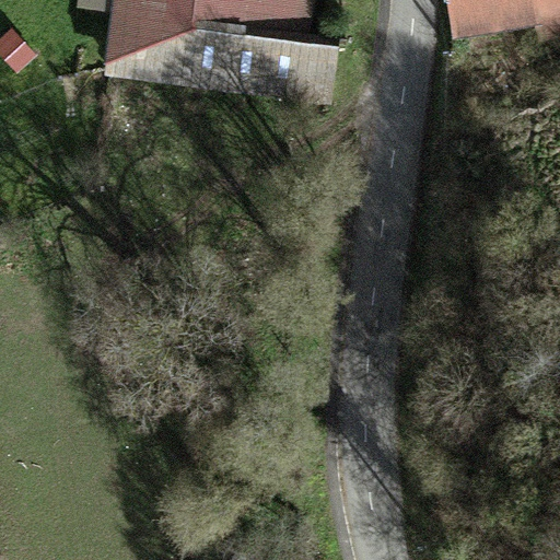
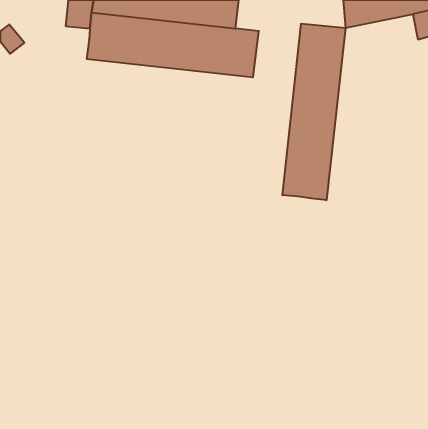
building: none -> [282,24,346,200]

